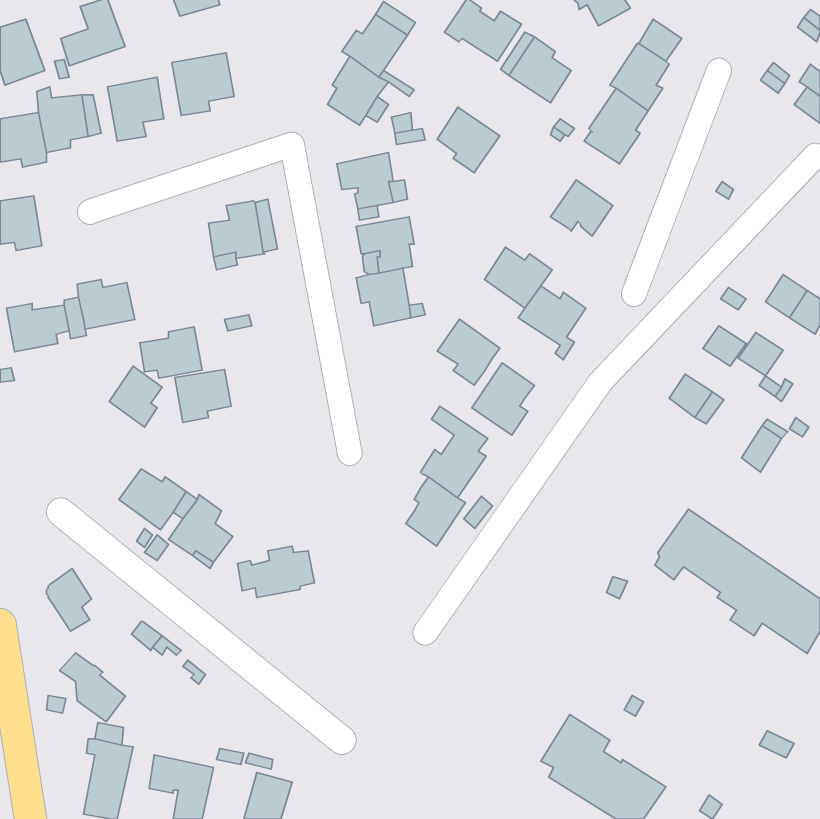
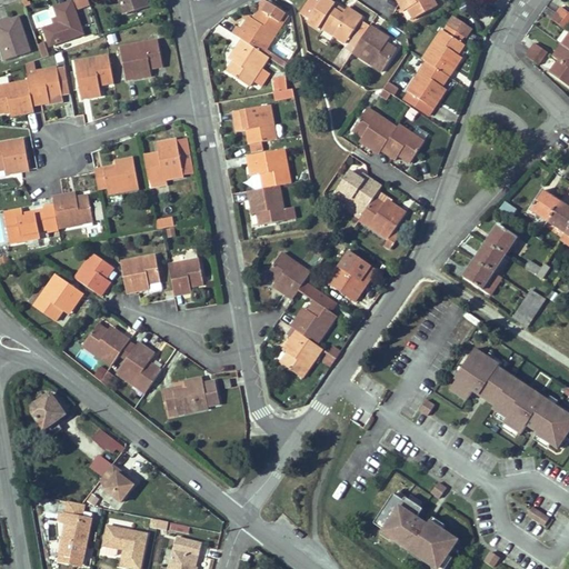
building: [437,107,500,173] -> [353,108,397,153]
building: [437,319,500,385] -> [267,253,310,299]
building: [140,327,202,378] -> [96,158,139,193]
building: [738,332,783,376] -> [475,241,506,271]
building: none -> [169,259,203,295]
building: none -> [31,272,82,320]
building: [60,653,125,722] -> [89,453,134,501]

